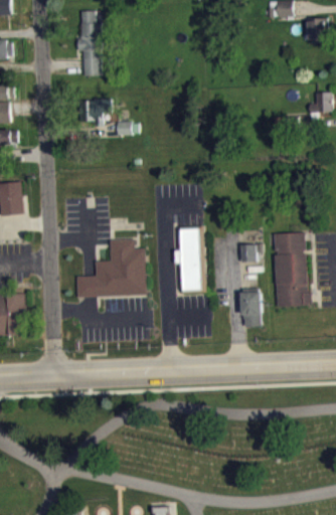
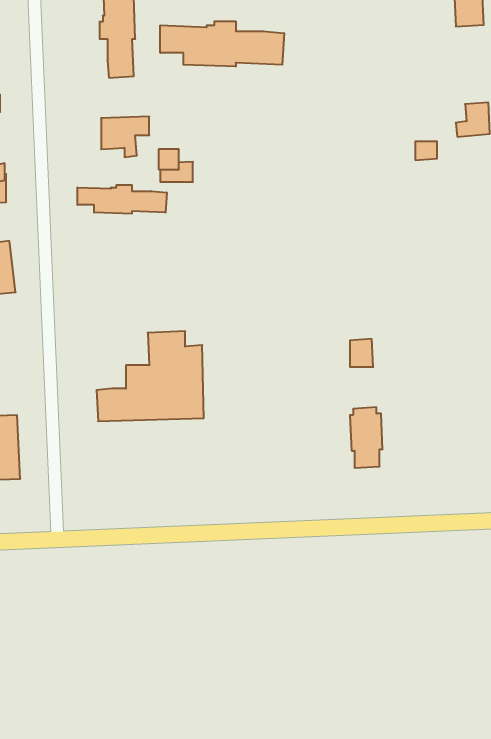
building: none -> [160,21,284,67]
building: none -> [77,185,167,214]
building: [175,224,205,293] -> none
building: [274,232,311,305] -> none

